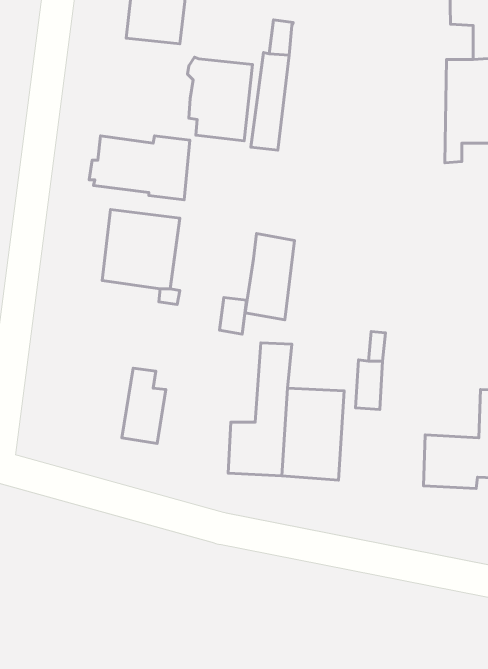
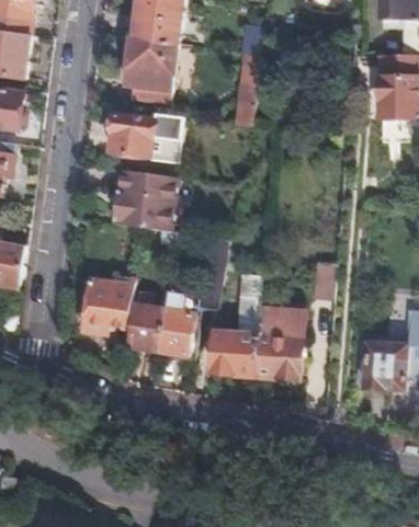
building: [187,57,253,141] -> [125,36,175,101]
building: [245,233,295,320] -> [158,289,196,356]
building: none -> [80,274,136,335]

